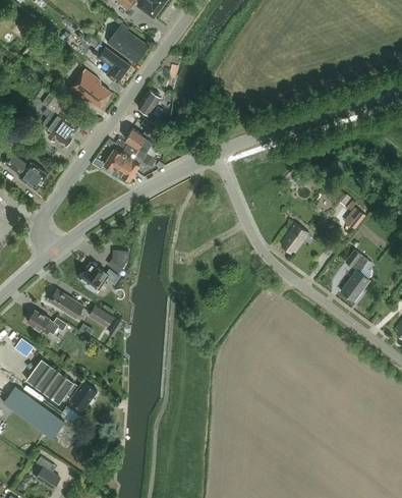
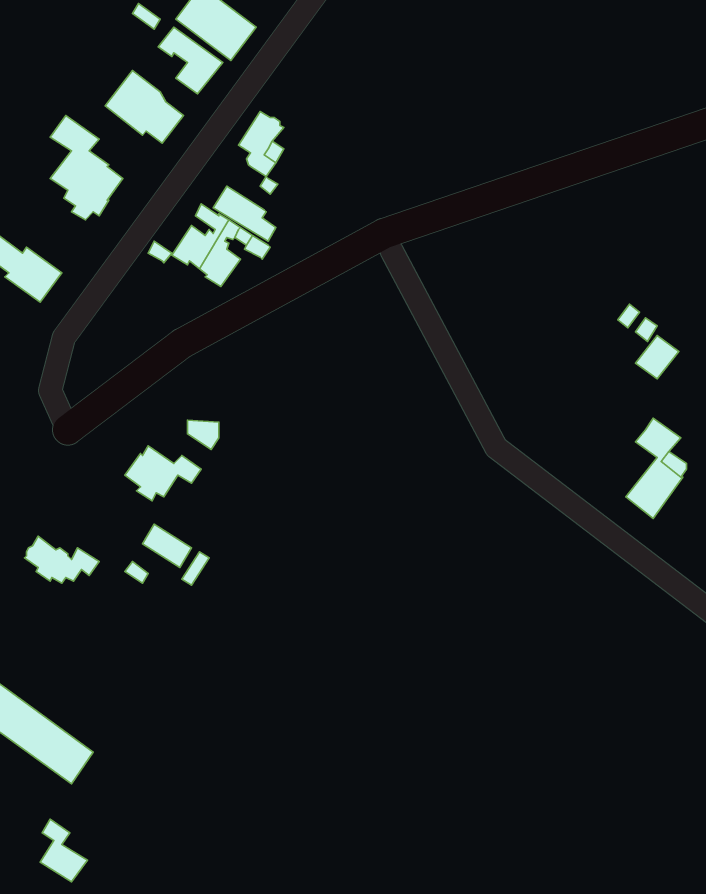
building: [281,224,308,253] -> none
building: [48,289,82,318] -> none
building: [25,359,96,416] -> none

